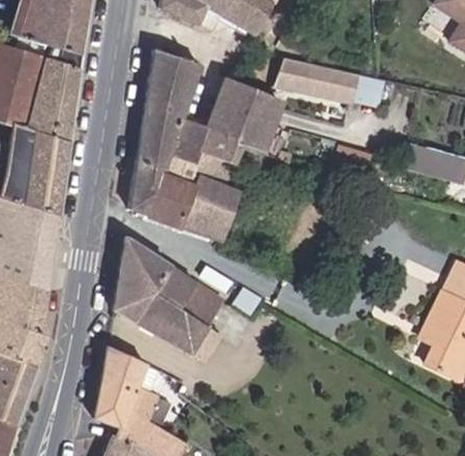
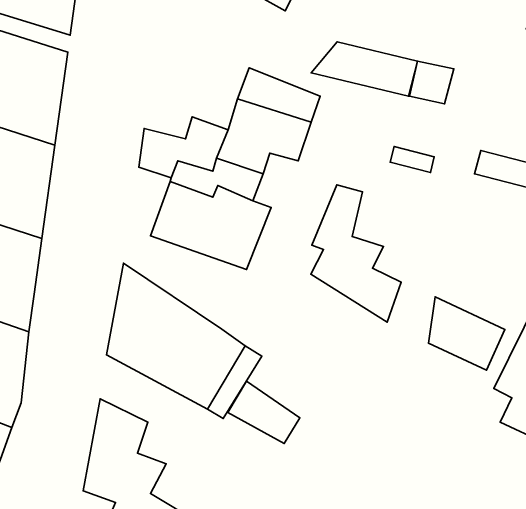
building: [141,49,198,136] -> none
building: [128,159,162,214] -> none
building: none -> [311,185,401,322]
building: none -> [429,297,505,370]
building: none -> [228,381,300,444]

